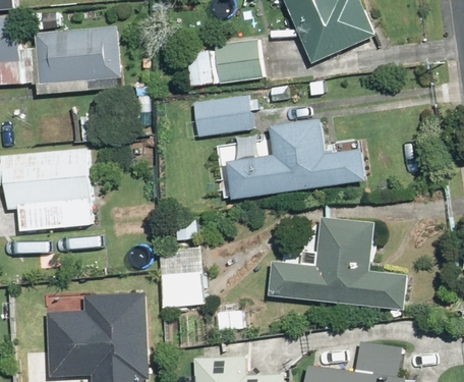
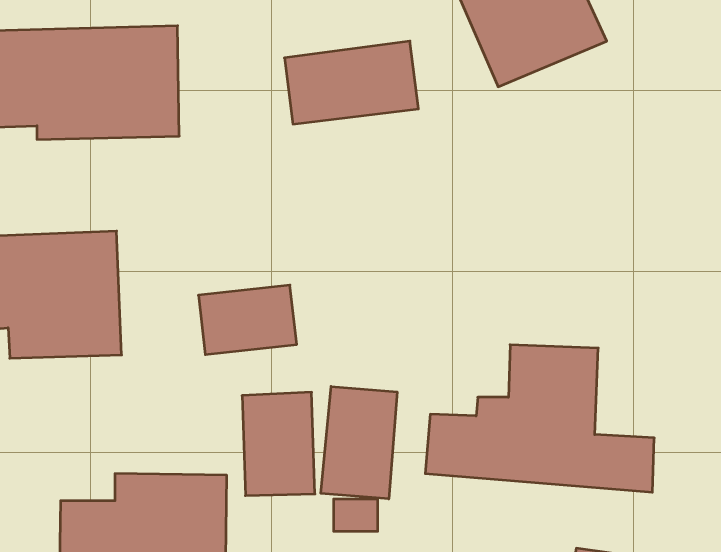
building: [191,95,250,137] -> [198,285,297,355]
building: [227,117,361,199] -> none
building: none -> [321,386,397,499]

